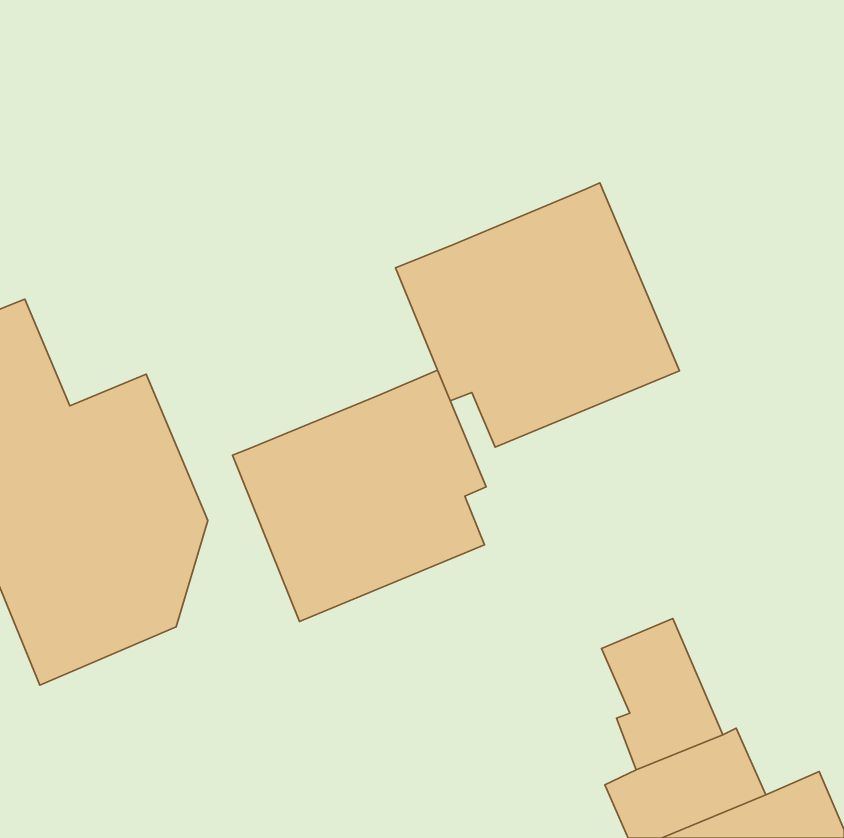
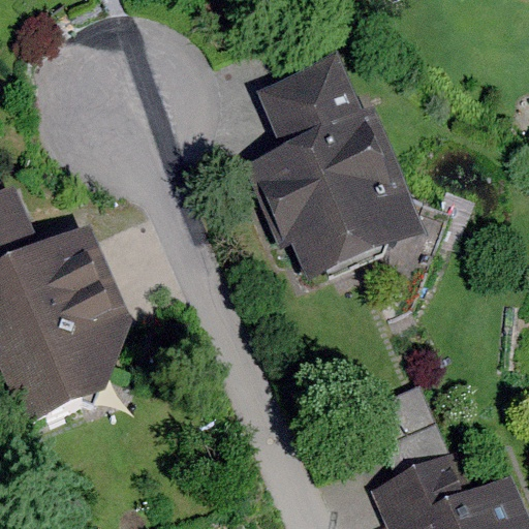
building: none -> [256,57,364,152]
building: [233,370,486,622] -> none

